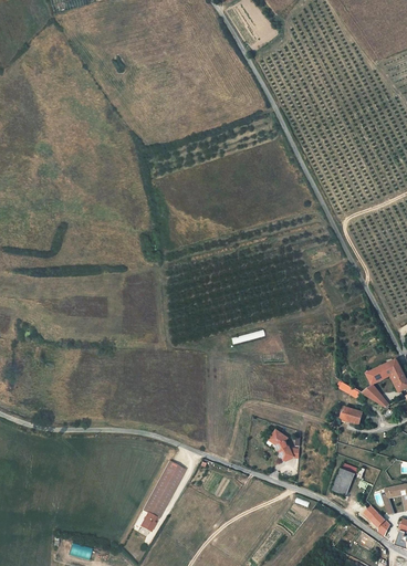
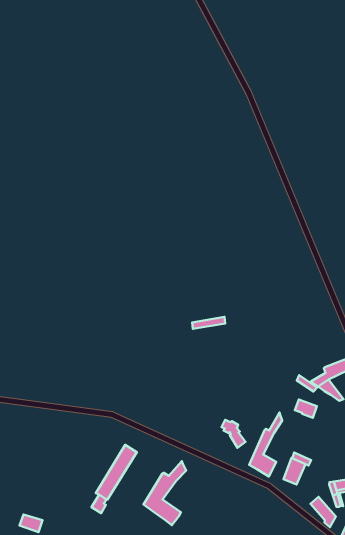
building: none -> [249,413,282,477]
building: none -> [144,461,186,525]

